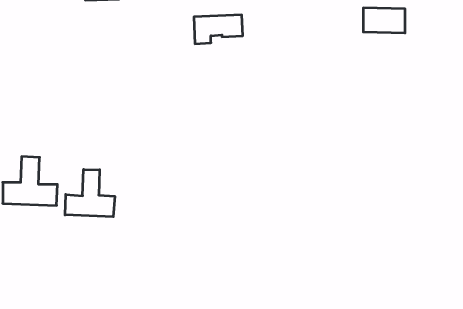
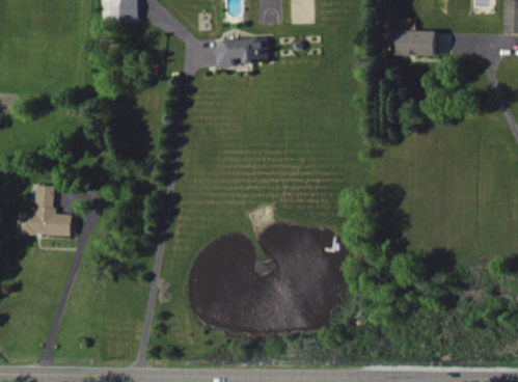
building: [65,169,115,217] -> none

